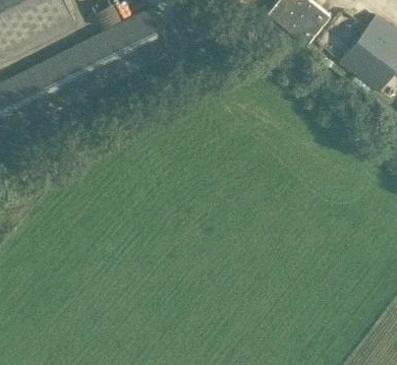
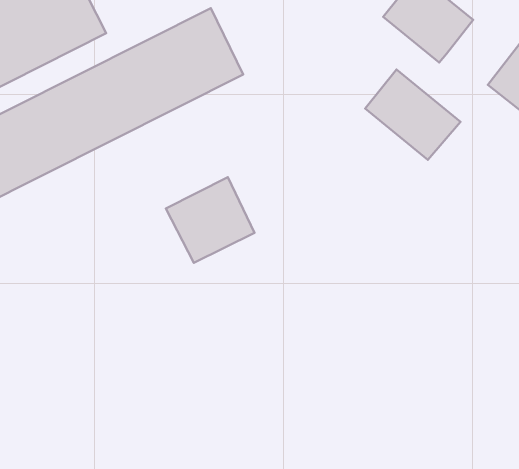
building: none -> [365,69,461,160]
building: none -> [166,177,254,263]

